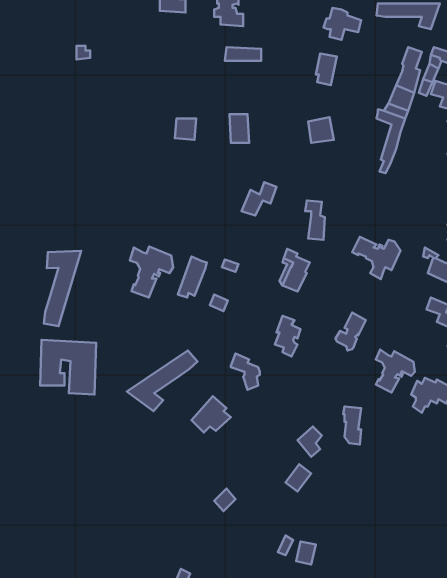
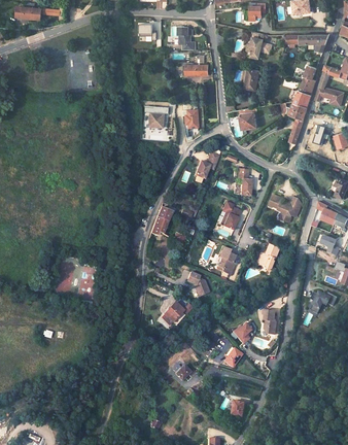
building: [130,247,173,297] -> none
building: [44,251,81,326] -> none
building: [376,350,415,392] -> none
building: [127,350,197,411] -> none

